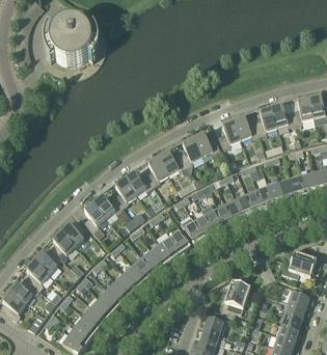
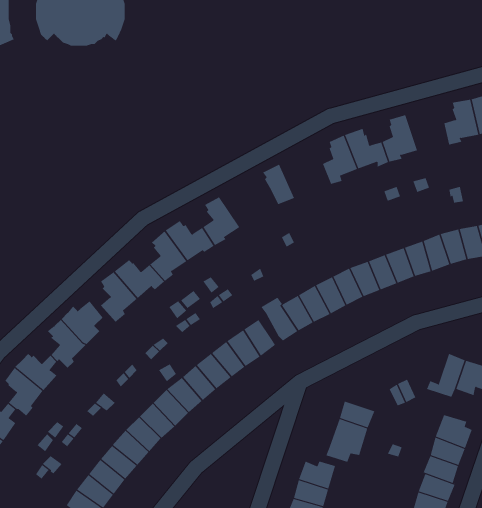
building: [269,103,295,128] -> none
building: [192,132,220,157] -> none
building: [156,149,189,175] -> none

